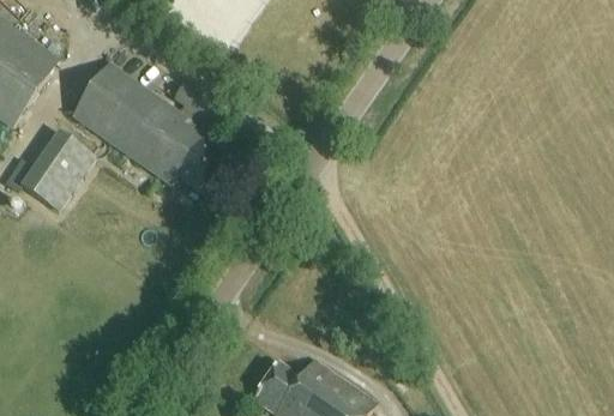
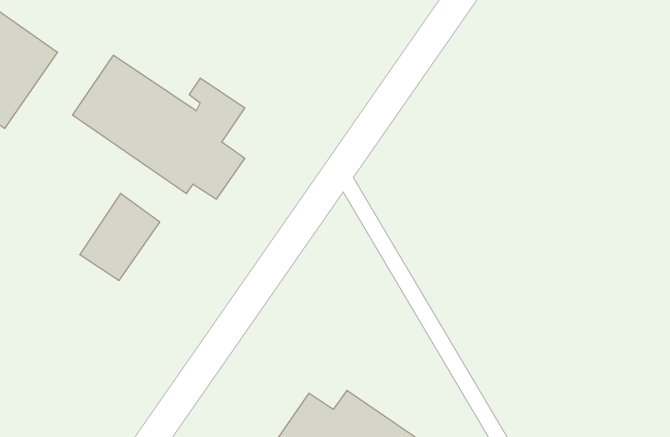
building: [19,128,90,205] -> [80,193,160,280]

